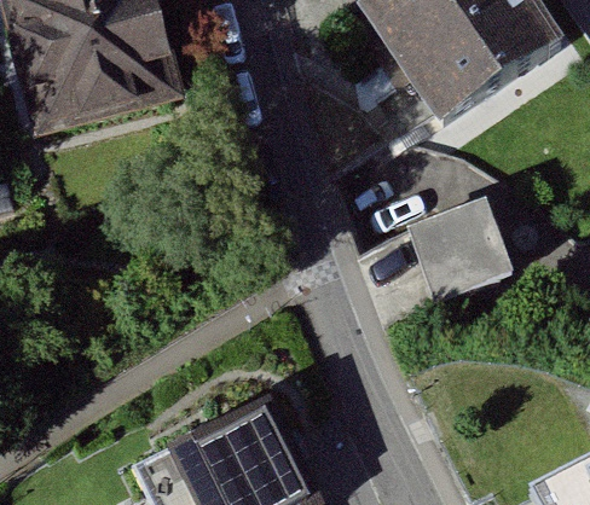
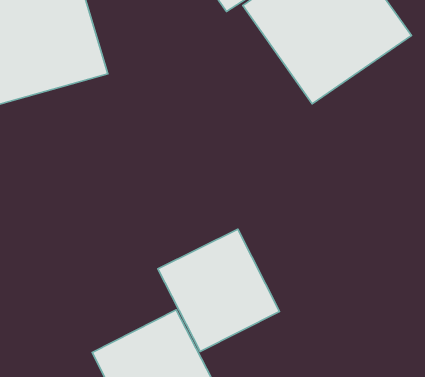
building: [413,182,514,281] -> none
building: none -> [158,229,279,351]

